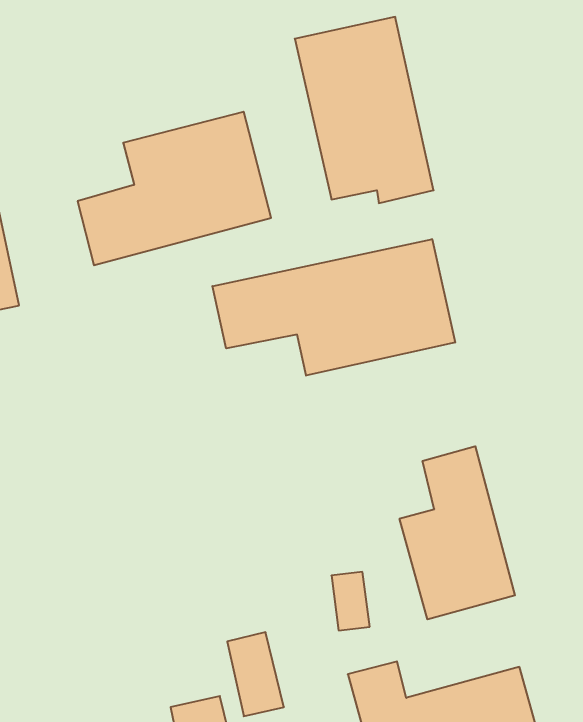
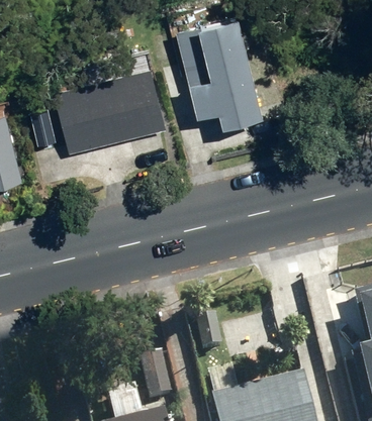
building: [212,239,455,376] -> none
building: [400,446,515,619] -> none

